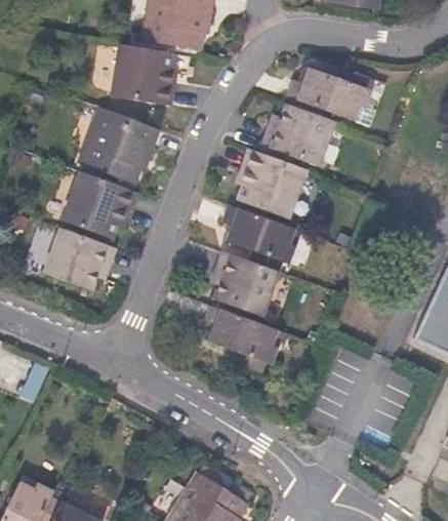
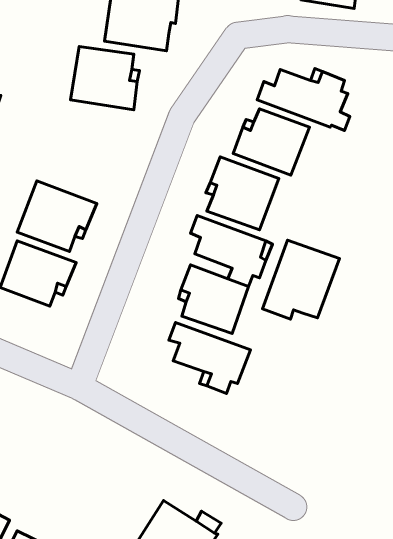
building: [80,108,158,183] -> none
building: none -> [263,240,339,319]

